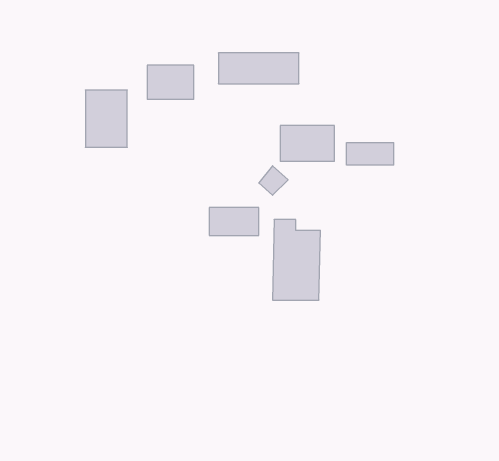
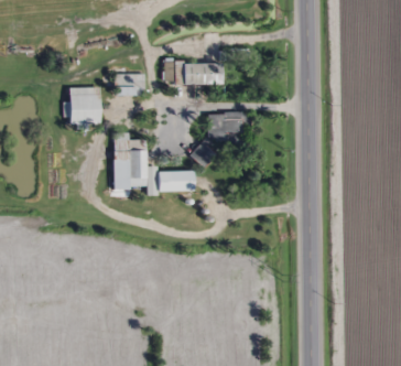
building: [347,143,394,165] -> none
building: [273,220,320,300] -> [113,132,148,190]

